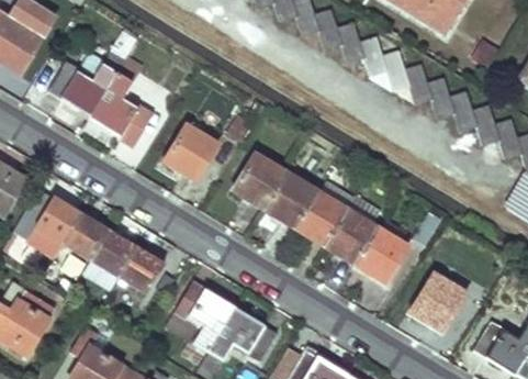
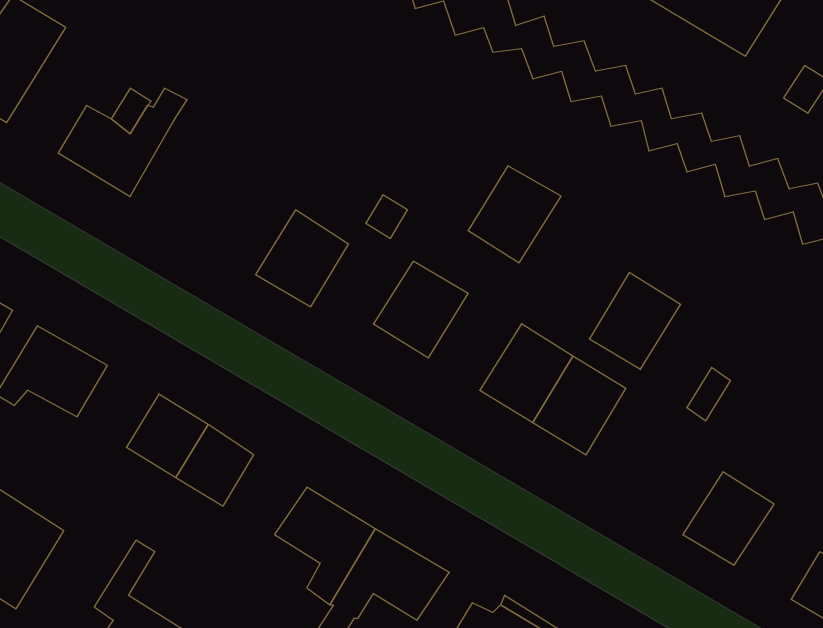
building: [91,71,149,142] -> none
building: [263,171,317,227] -> [468,166,561,263]
building: [60,213,108,260] -> none
building: [355,226,407,282] -> [589,272,681,369]

